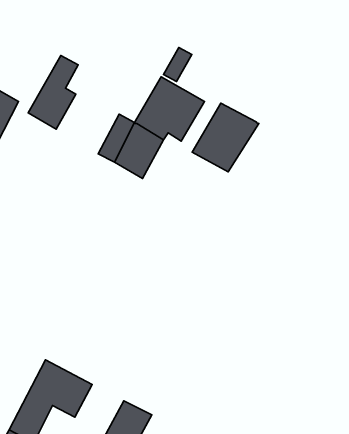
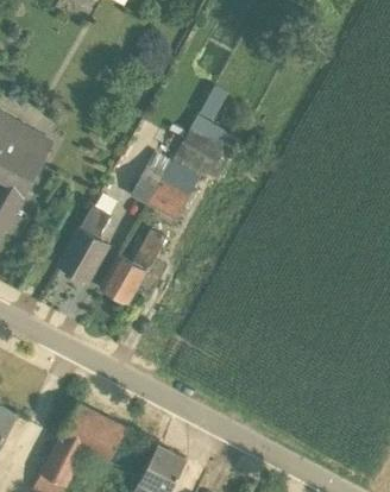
building: [28,56,78,129] -> [58,207,109,282]
building: [192,103,259,172] -> none
building: none -> [99,229,166,304]

